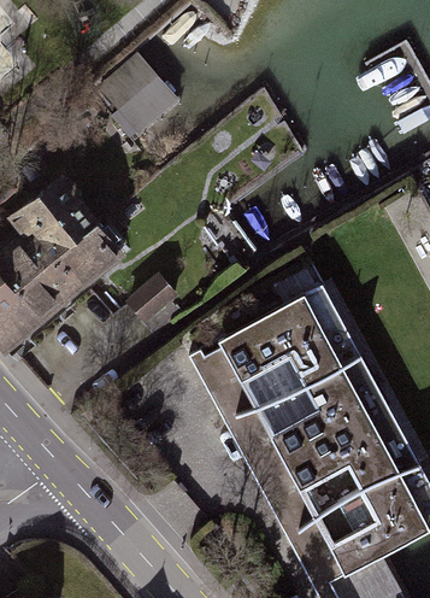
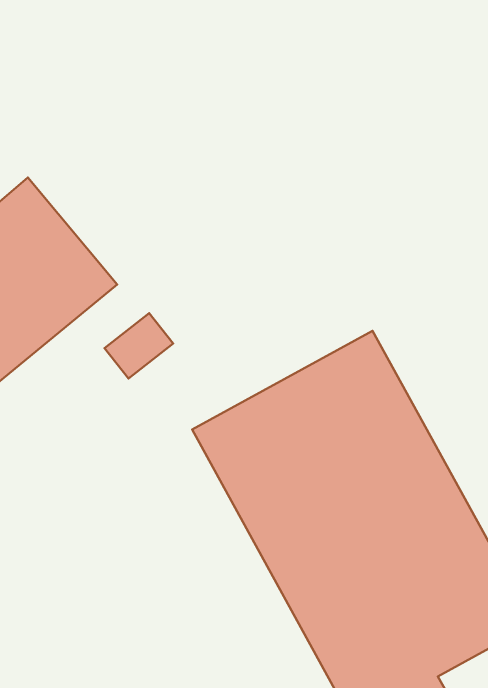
building: [100,55,175,131] -> none

